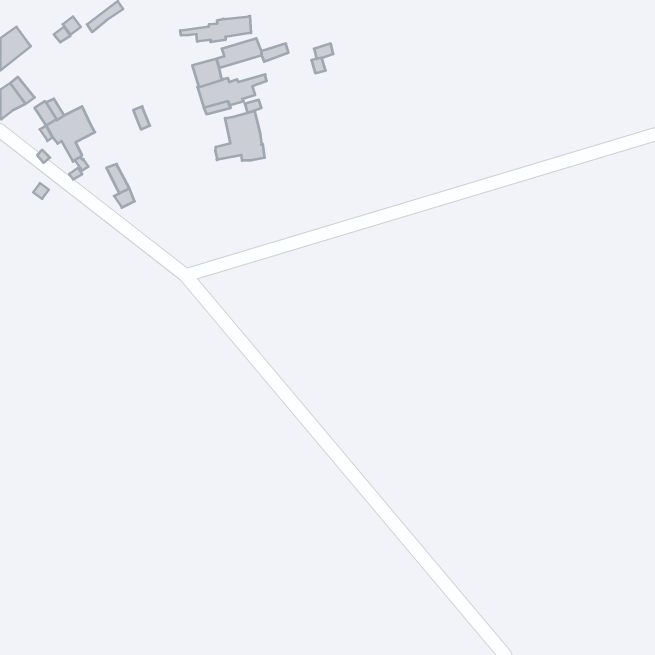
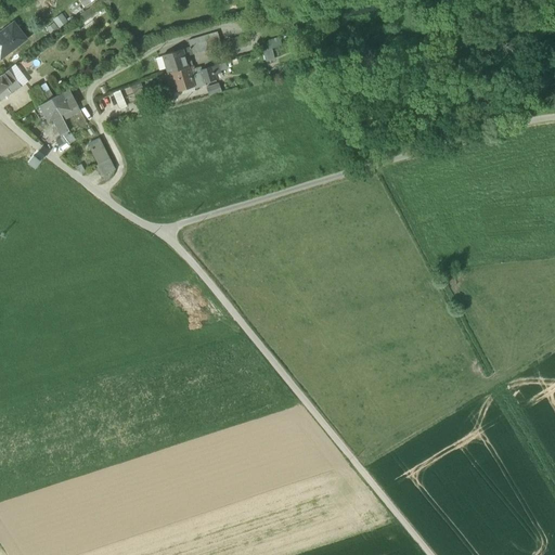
building: [180,16,251,42] -> none
building: [216,111,265,161] -> none

